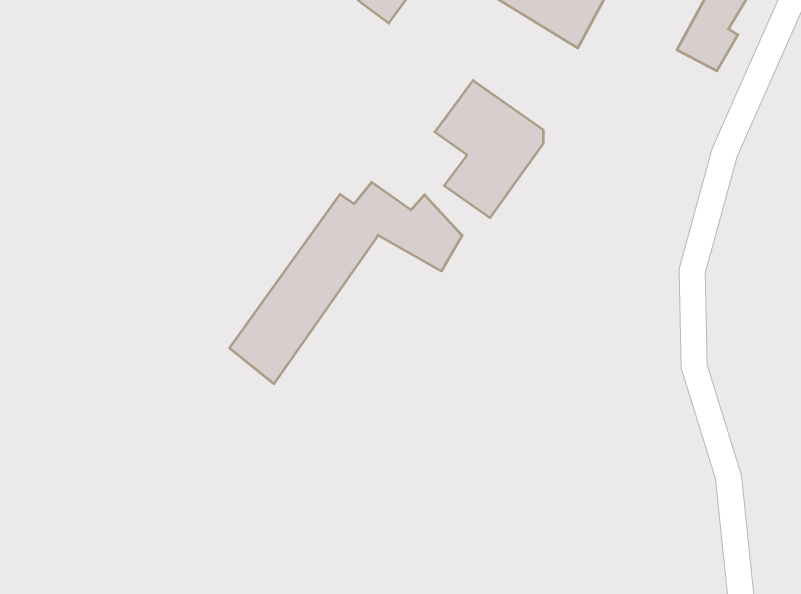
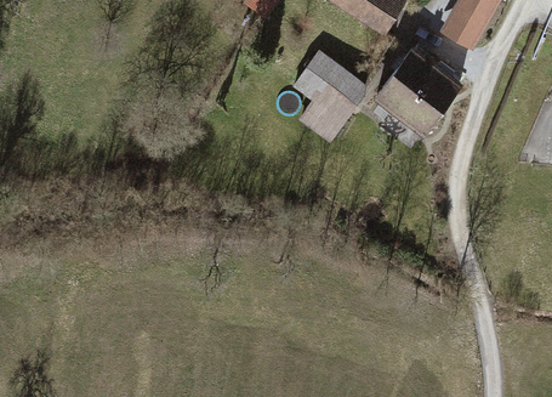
building: none -> [379,51,459,131]
building: [230,182,462,384] -> none

